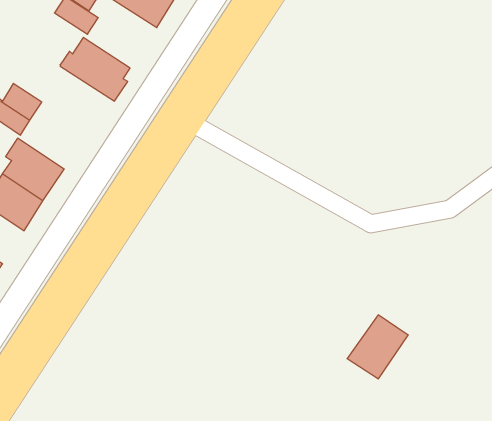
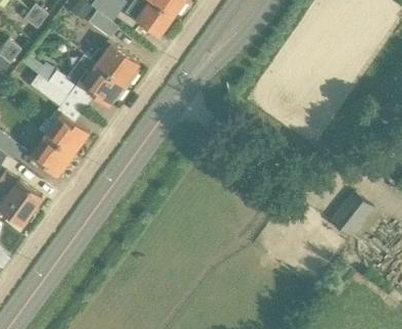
building: none -> [69,55,127,104]
building: [347,315,408,379] -> [329,192,372,237]

